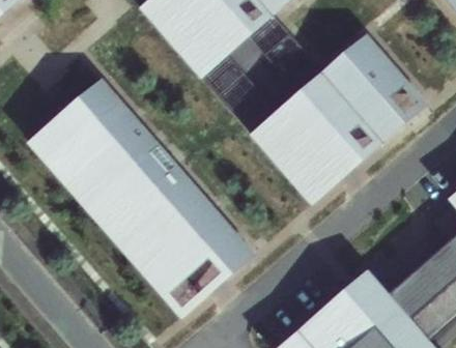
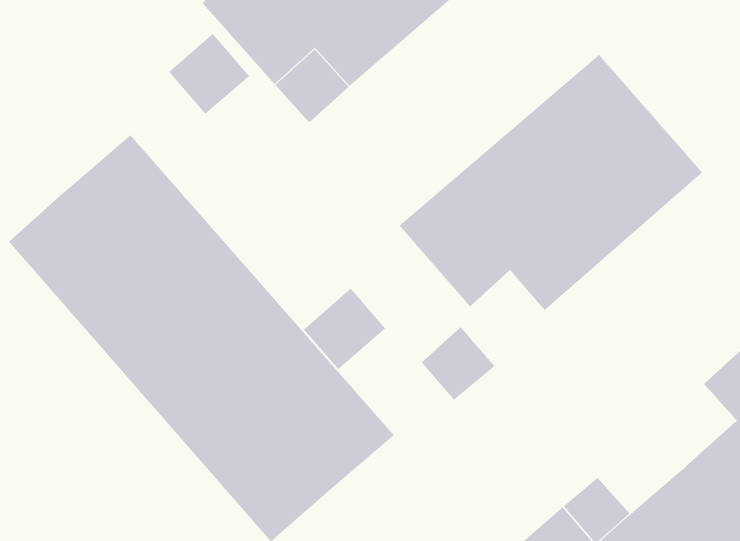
building: none -> [168,33,250,115]
building: [293,158,336,201] -> [421,326,496,401]
building: none -> [303,288,386,370]

